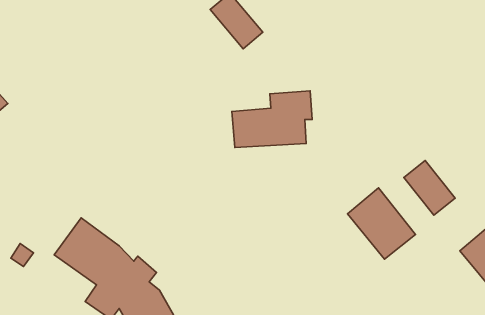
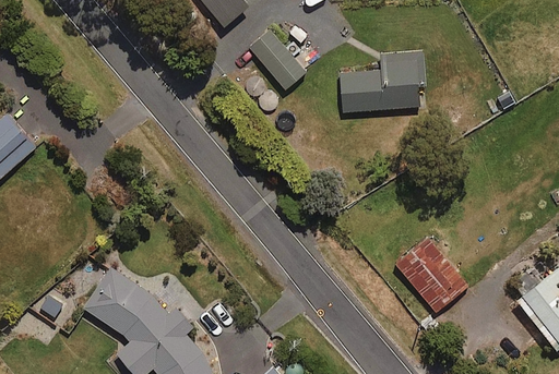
building: [232,91,312,147] -> [341,51,426,111]
building: [404,160,455,215] -> none

